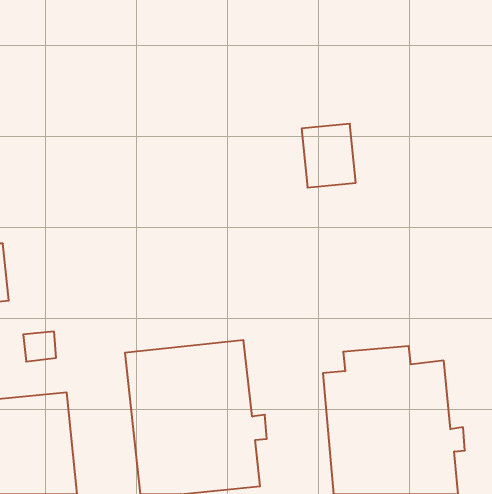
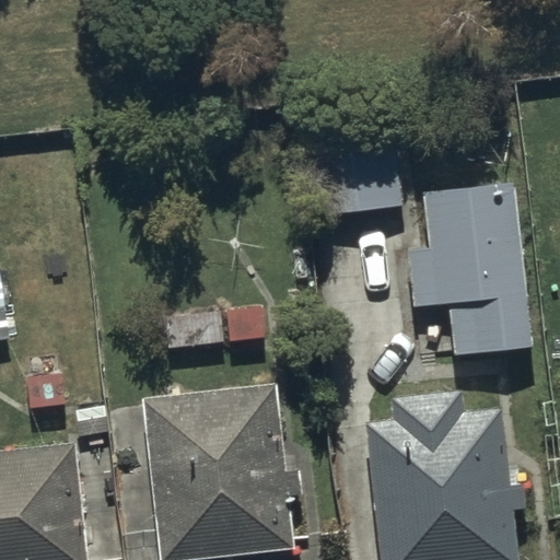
building: none -> [408,184,532,355]

